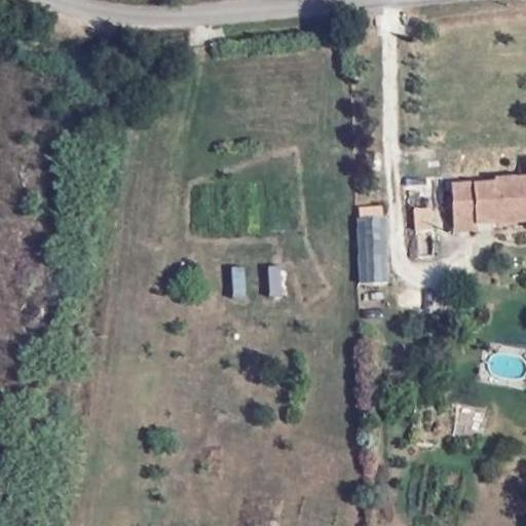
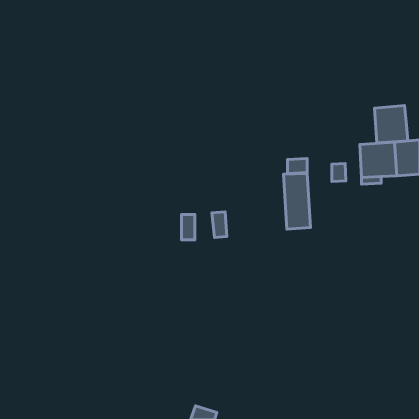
building: none -> [375,105,408,143]

